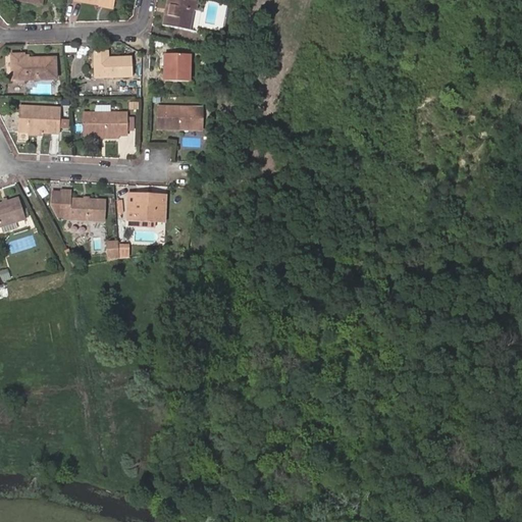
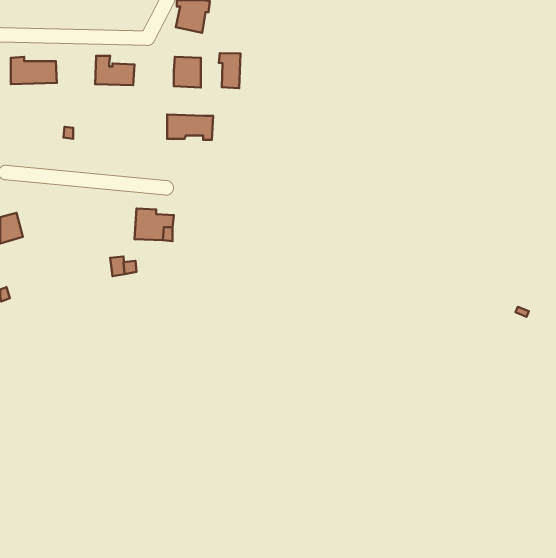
building: none -> [219,53,241,88]
building: [17,106,60,133] -> none
building: [84,111,126,137] -> none
building: [51,188,104,218] -> none

